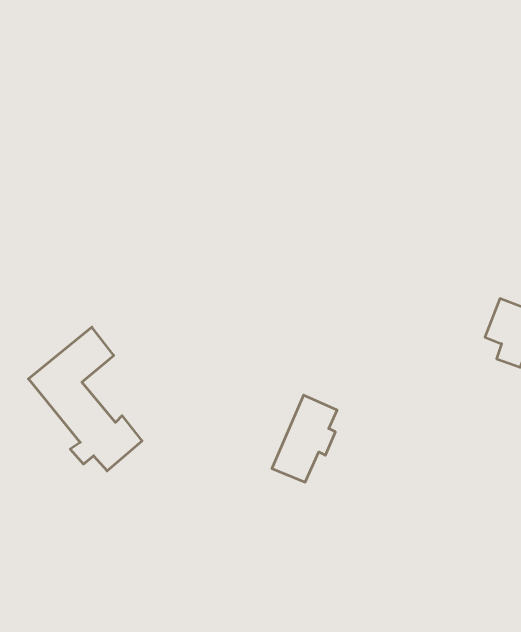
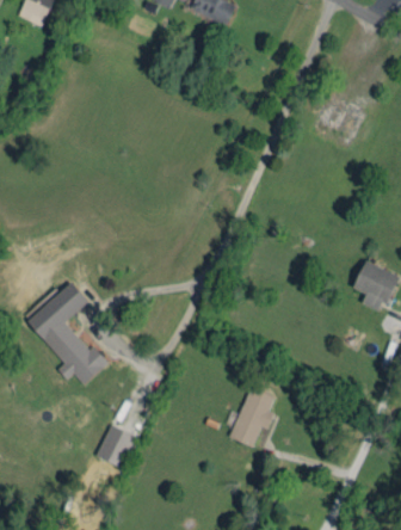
building: [272,395,337,482] -> [229,386,276,448]
building: none -> [97,425,135,468]

